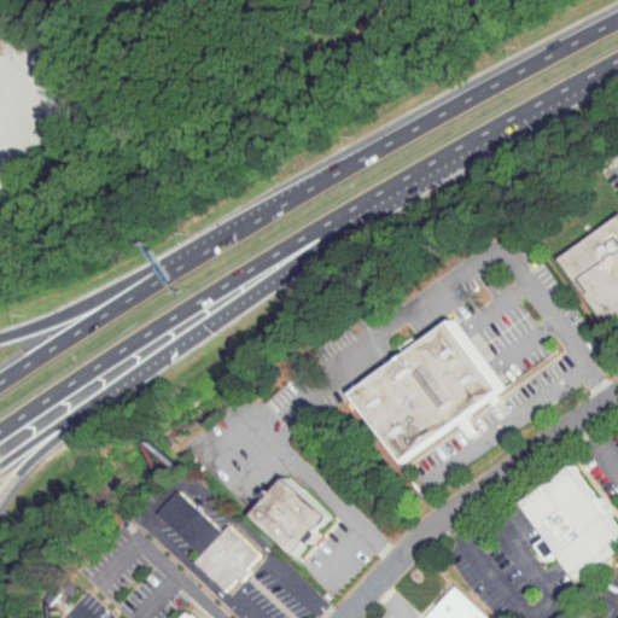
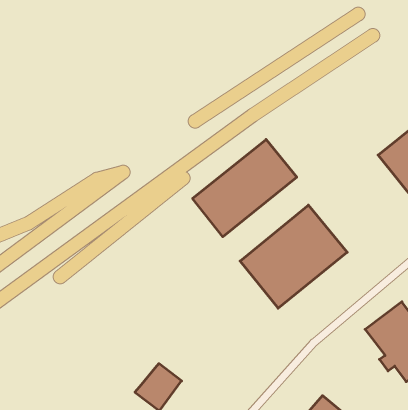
building: none -> [193,139,297,237]
building: [249,477,327,554] -> none
building: [154,492,221,554] -> none

